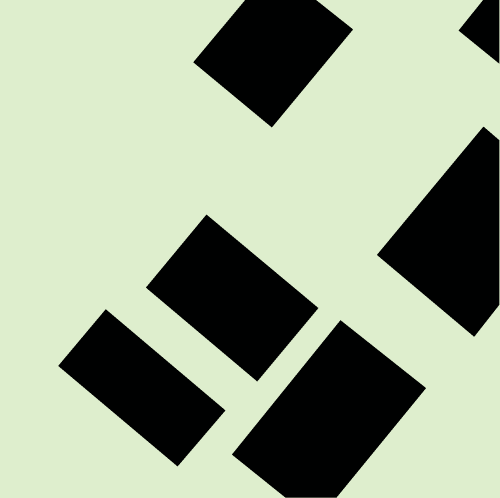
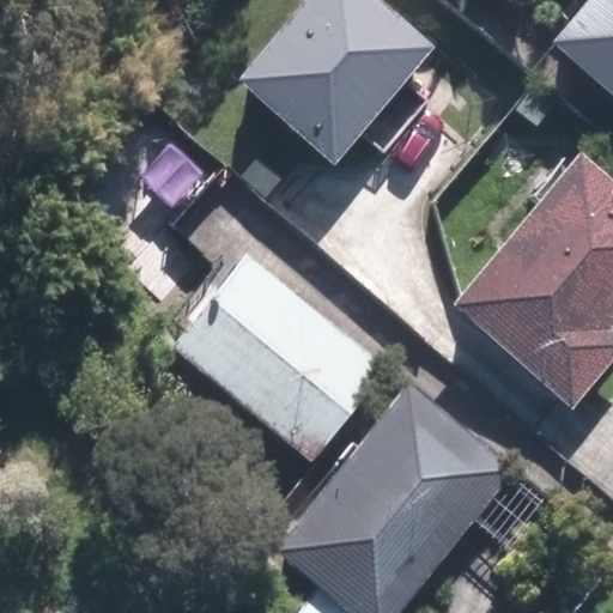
building: [57,308,227,467] -> none

